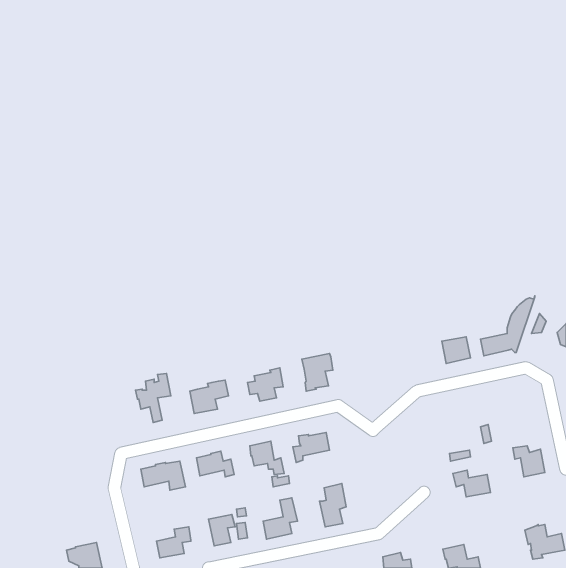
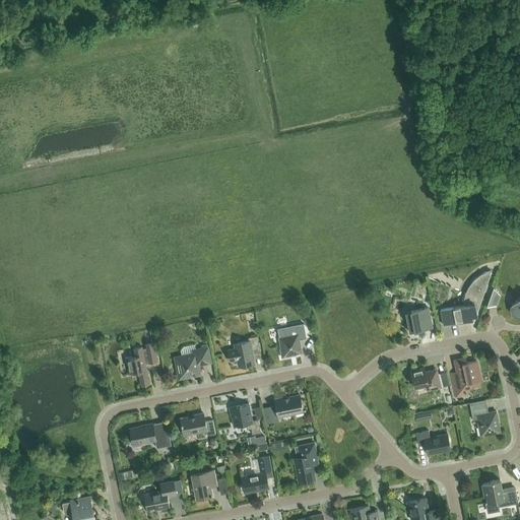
building: none -> [450,358,479,396]
building: none -> [409,368,440,390]

